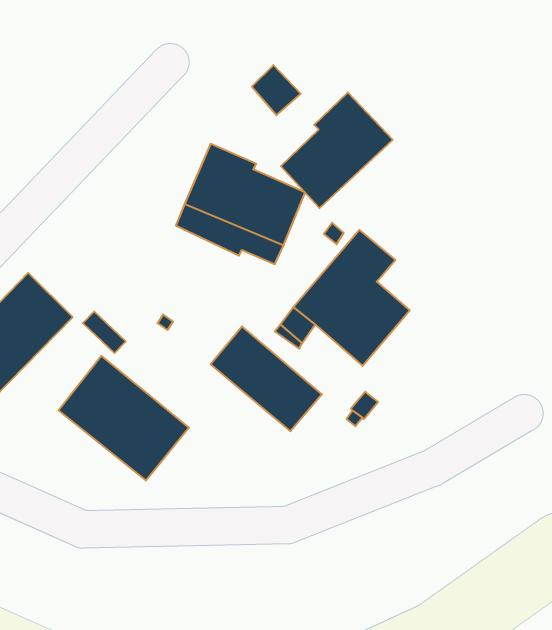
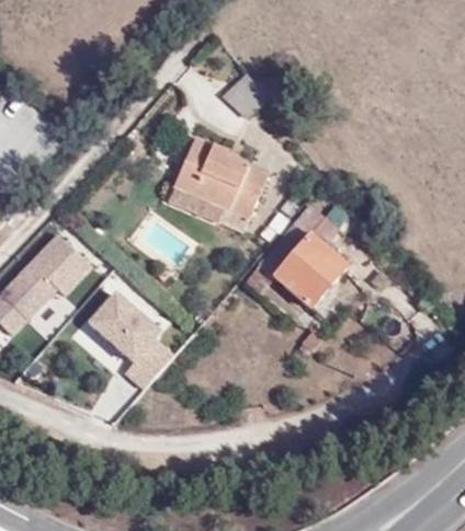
building: [281,92,393,208] -> none
building: [211,326,322,431] -> none

